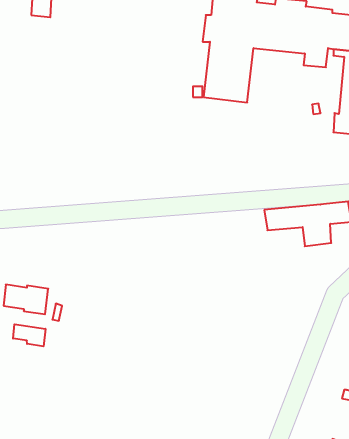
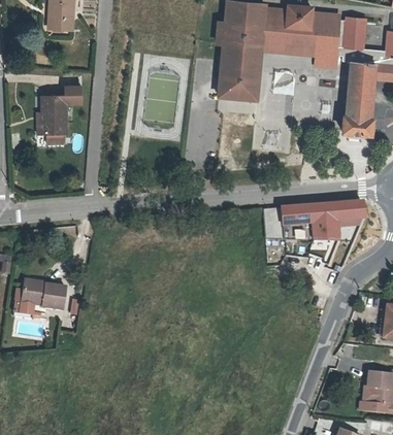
building: none -> [33,86,84,134]
building: [13,324,45,346] -> none

